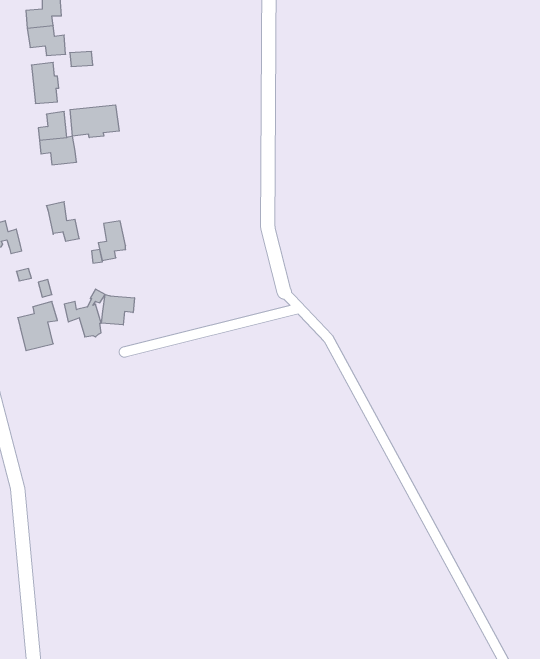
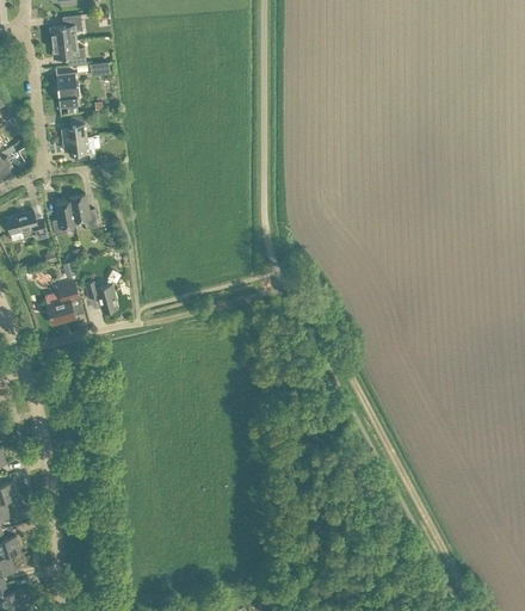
building: [70,105,119,138] -> none
building: [98,221,126,261] -> [50,200,74,235]
building: [101,295,134,325] -> none

